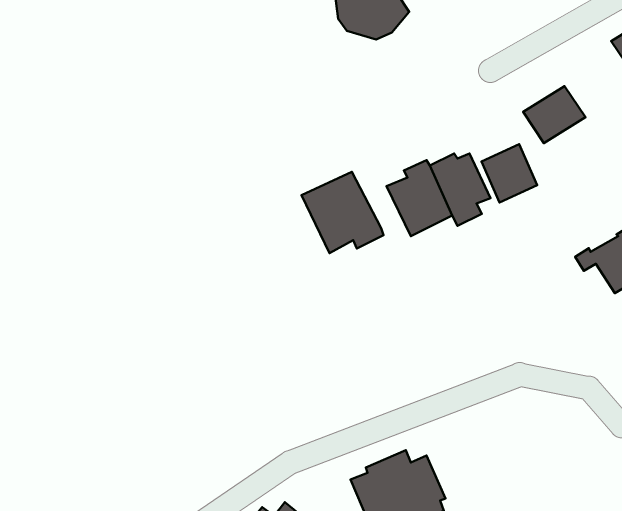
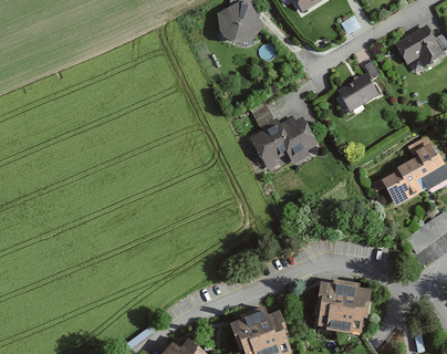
building: [482,144,537,203] -> none
building: [302,172,383,253] -> none
building: none -> [315,281,370,334]

